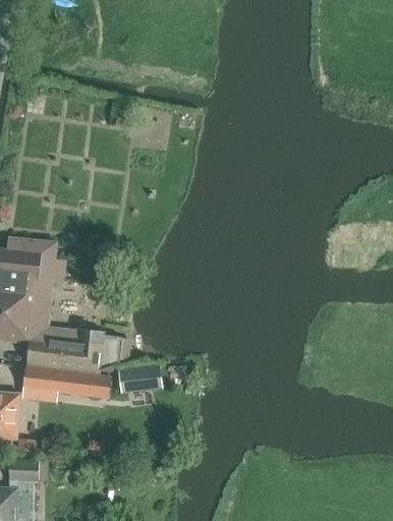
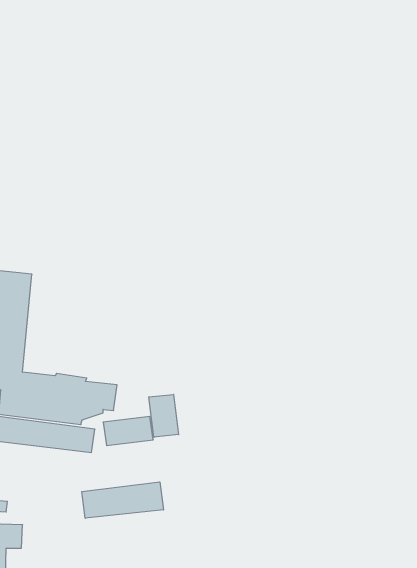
building: none -> [149,394,179,437]
building: none -> [82,482,163,518]

